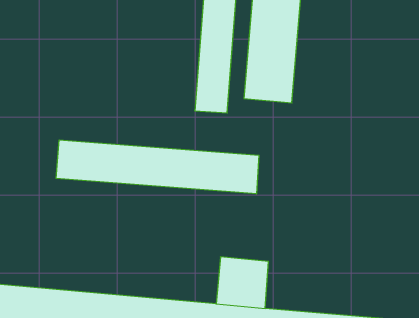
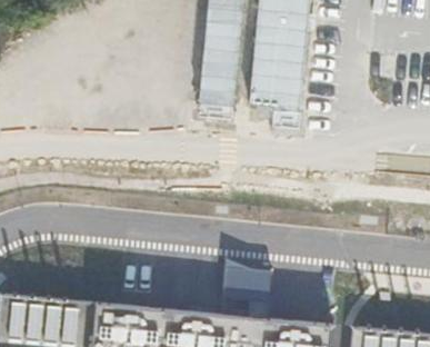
building: [56,140,259,194] -> none

